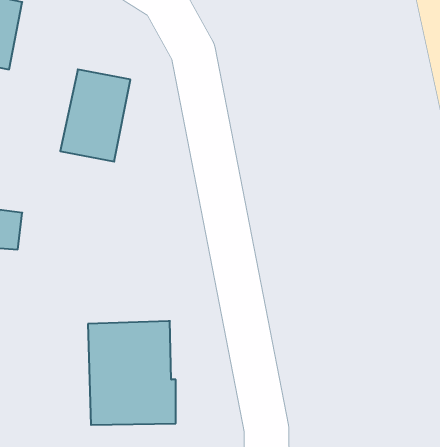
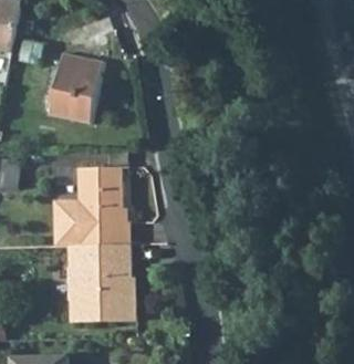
building: none -> [54,167,129,246]

